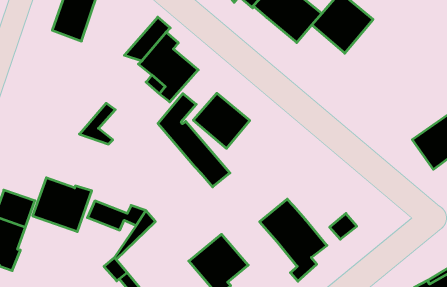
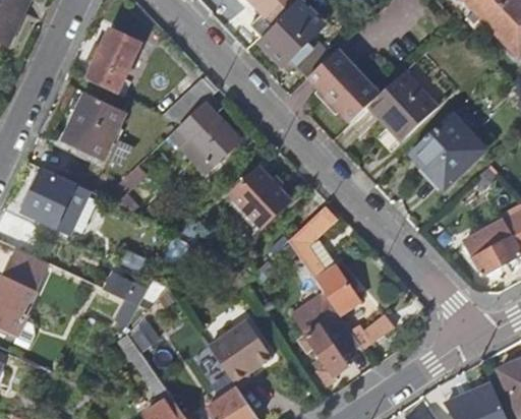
building: none -> [409,115,483,188]
building: none -> [59,94,124,164]
building: [158,94,230,187] -> [287,211,359,315]
building: [33,178,92,232] -> [25,171,93,233]

